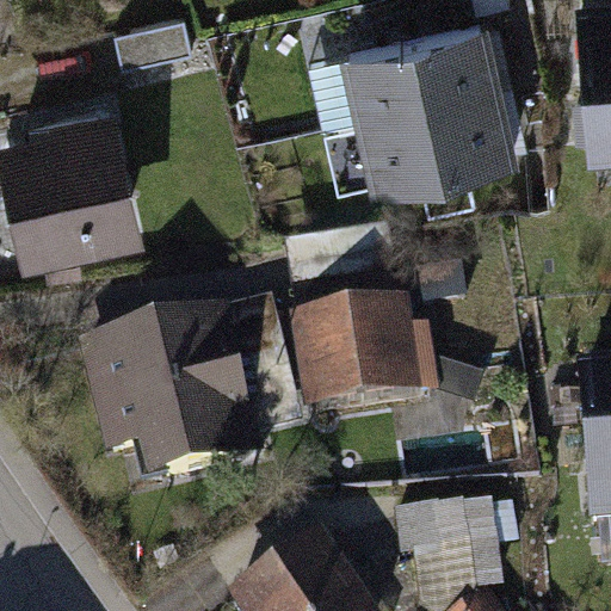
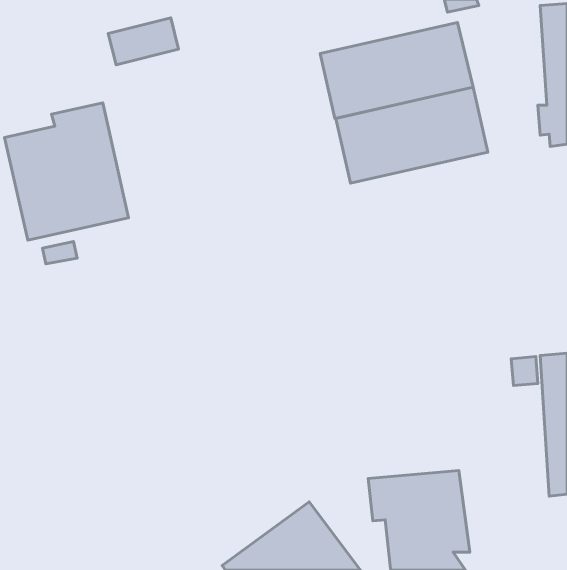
building: [295,279,438,419] -> none
building: [81,315,258,483] -> none

